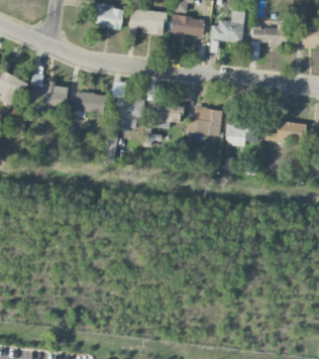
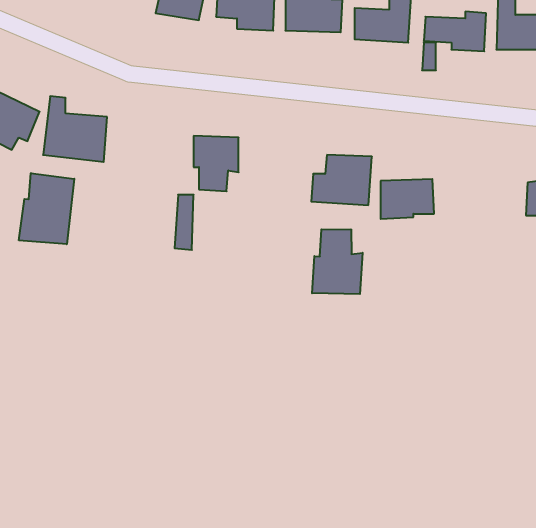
building: [75,92,106,117] -> none
building: [153,103,183,128] -> none
building: none -> [19,173,74,244]
building: [265,122,307,143] -> none
building: none -> [312,229,363,294]

